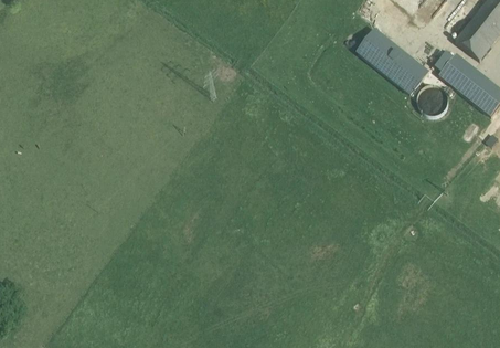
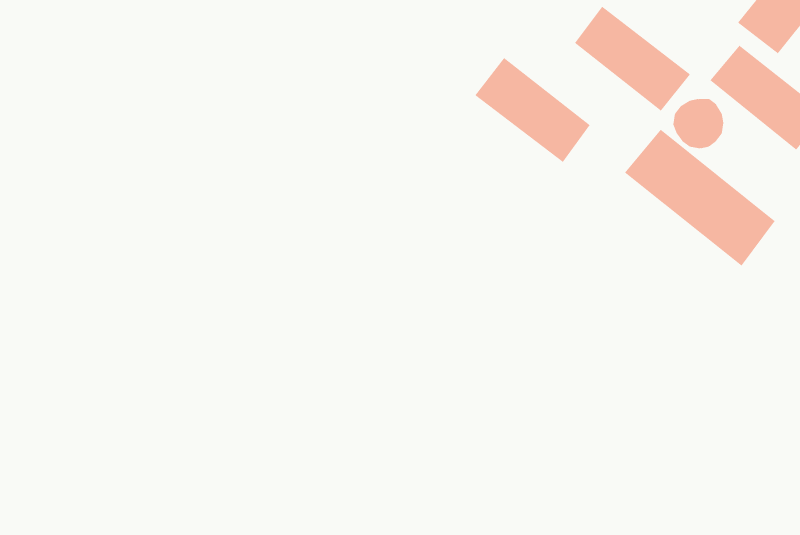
building: none -> [475,57,590,163]
building: none -> [624,129,775,267]

